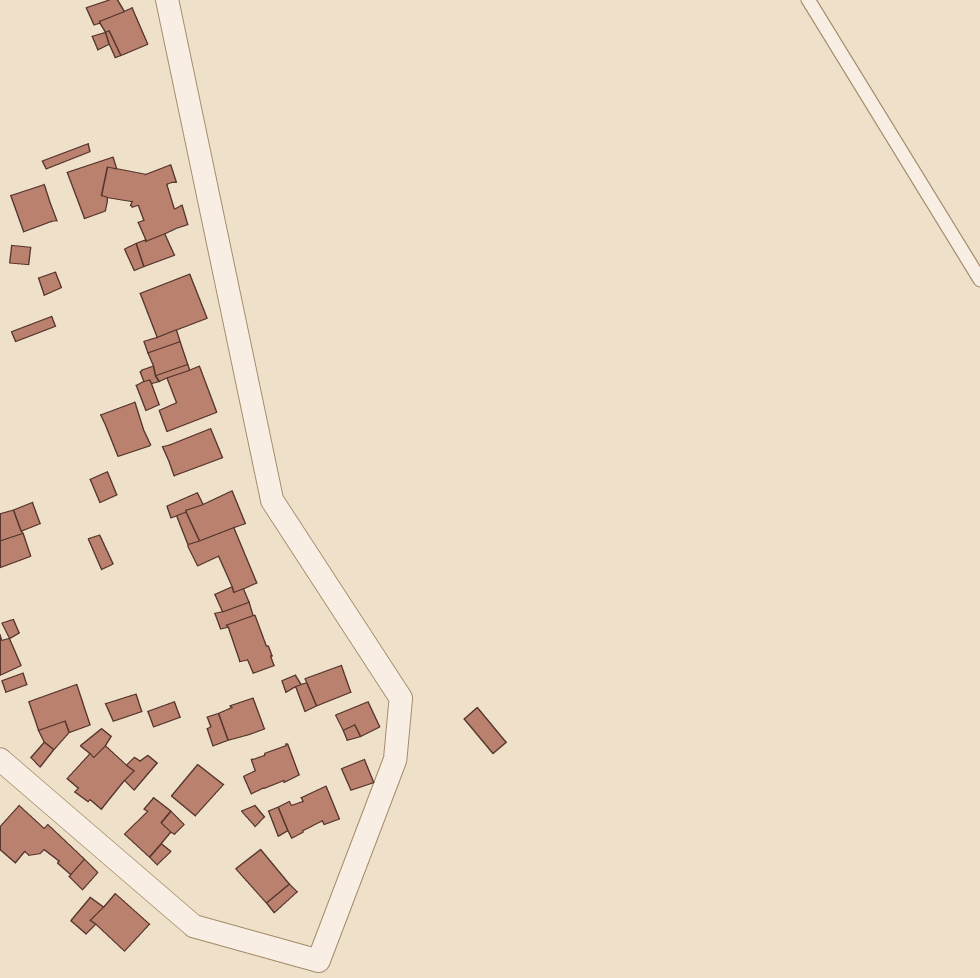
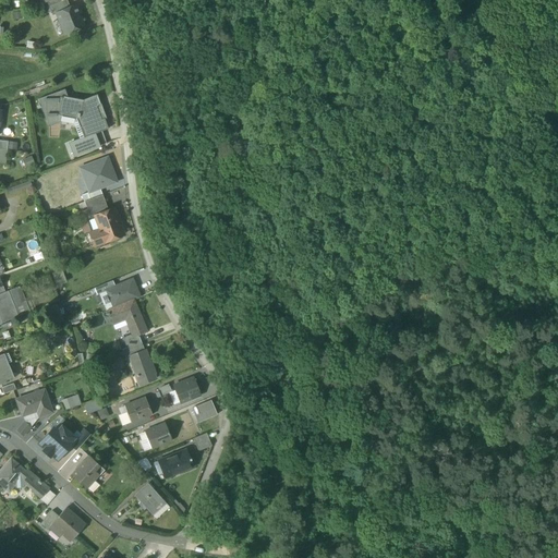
building: [11,184,57,232] -> none
building: [101,402,151,456] -> none
building: [162,429,223,476] -> none
building: [172,765,224,816] -> none

